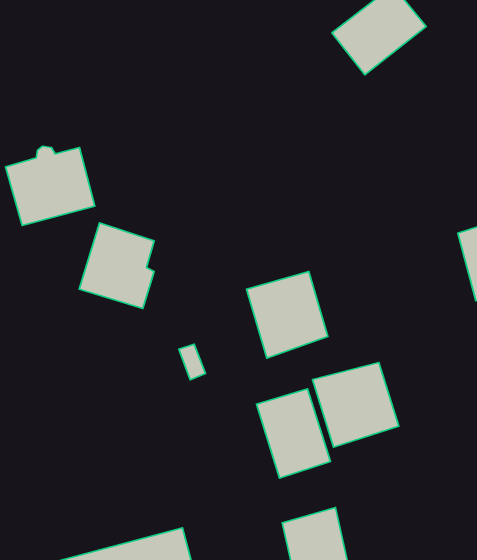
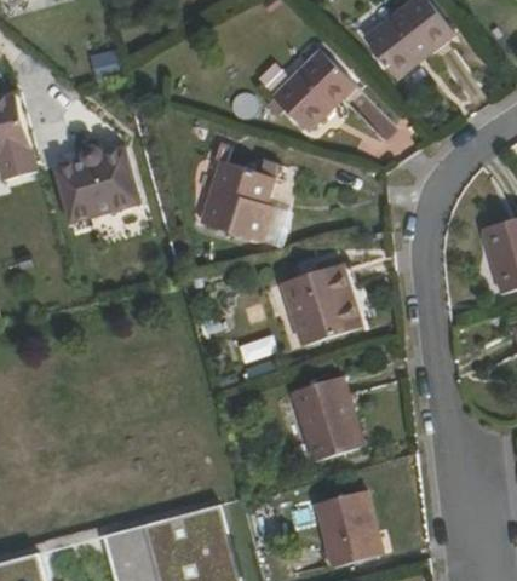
building: none -> [266,50,354,132]
building: [79,223,154,308] -> [201,161,272,242]
building: [313,363,399,447] -> none

